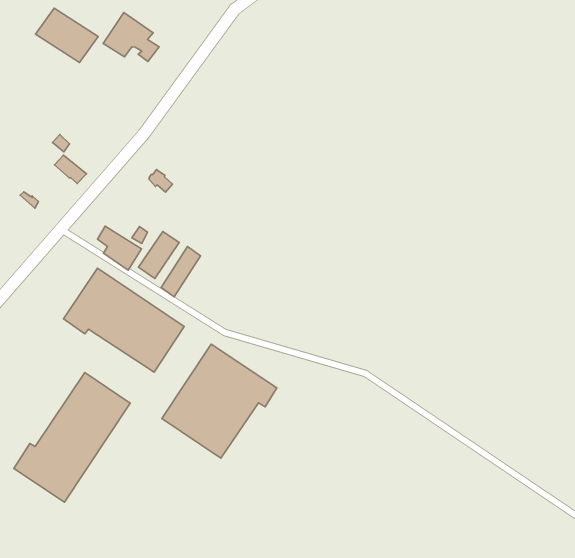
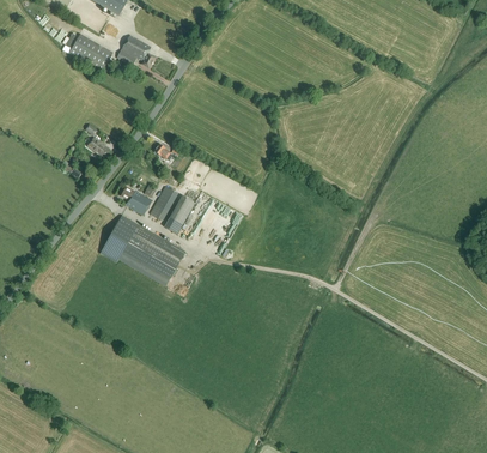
building: [162,344,277,458] -> none
building: [14,373,130,502] -> none

